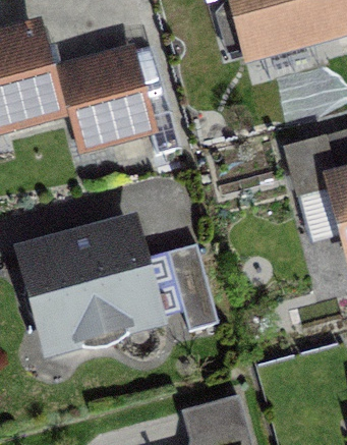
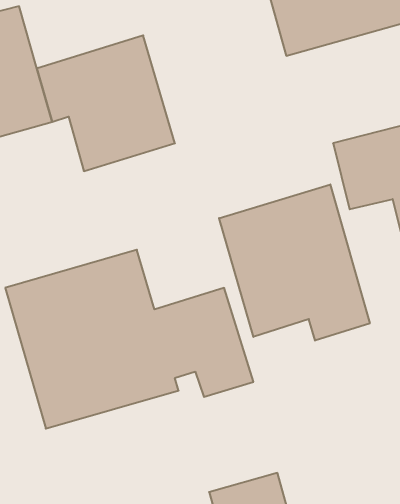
building: none -> [219,184,370,341]

